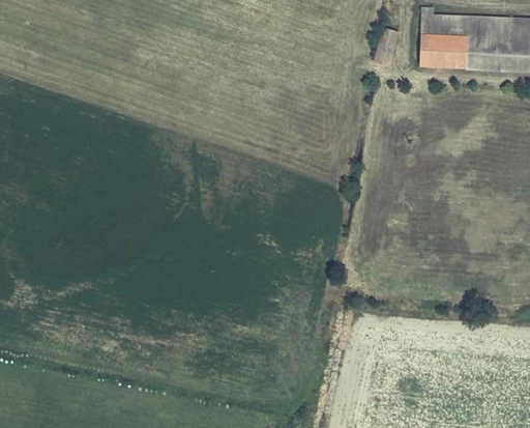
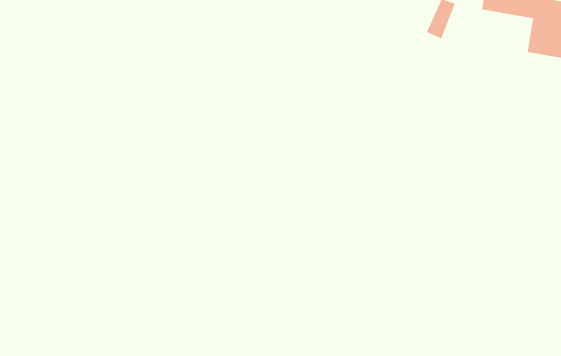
building: [420,33,467,65] -> none

